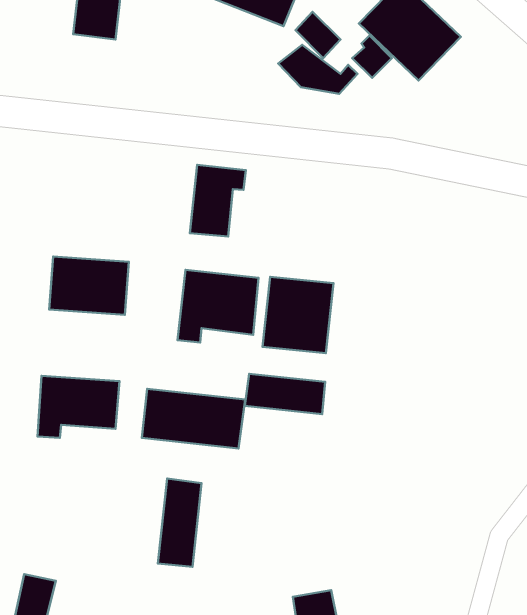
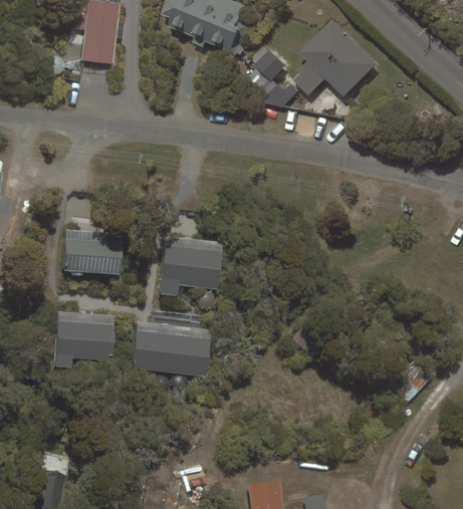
building: [190,165,246,237] -> none
building: [263,277,333,353] -> none
building: [245,374,325,414] -> none
building: [158,479,201,567] -> none

